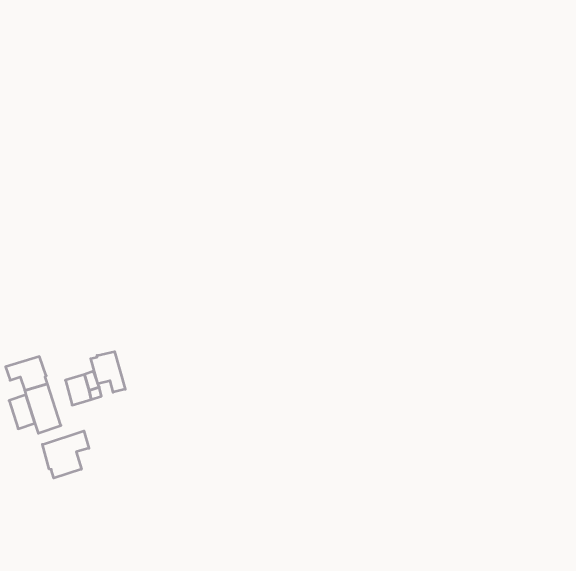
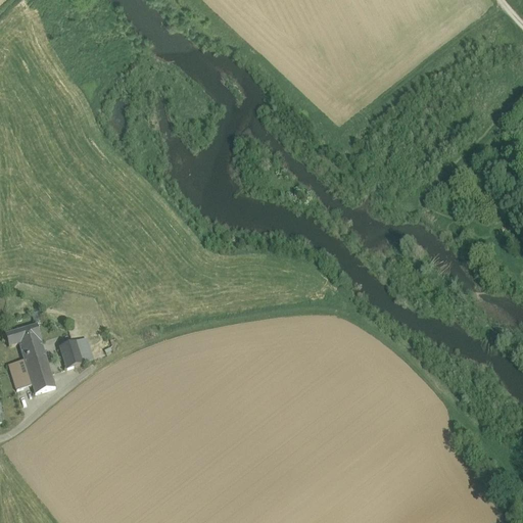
building: [91,352,125,392] -> none
building: [42,431,89,478] -> none

